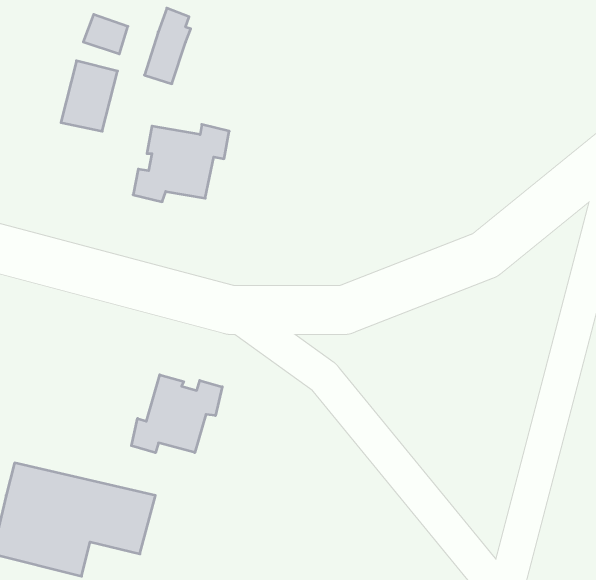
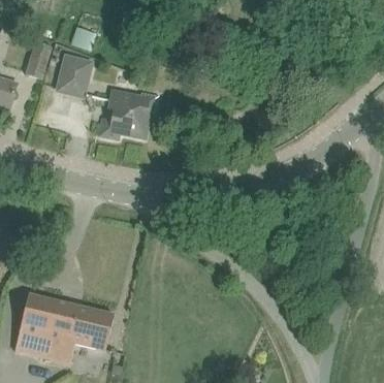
building: [144,8,191,84] -> [25,33,53,78]
building: [131,375,222,453] -> none

